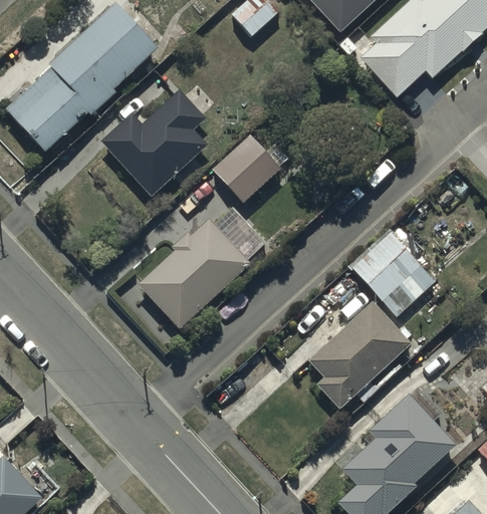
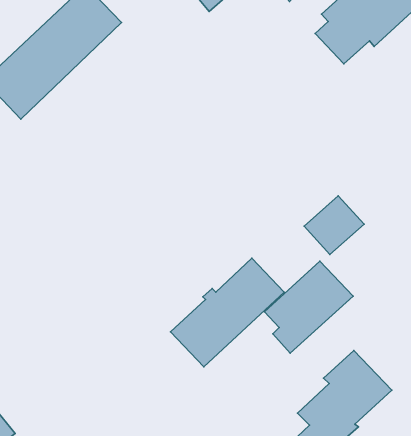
building: [103,95,203,193] -> none
building: [216,137,280,201] -> none
building: [143,206,266,324] -> [171,258,284,367]

